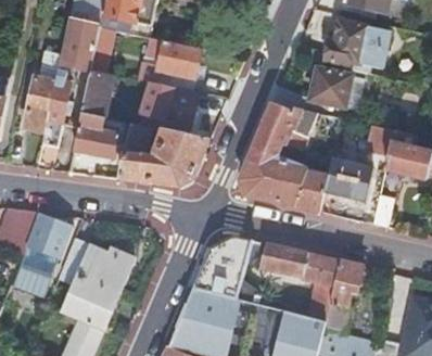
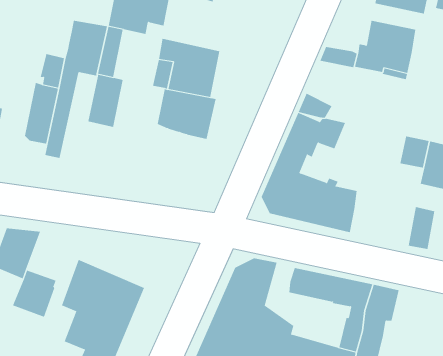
building: [309,71,368,112] -> none
building: [74,113,122,158] -> none
building: [119,124,211,188] -> none
building: [325,158,372,204] -> none
building: [26,213,72,265] -> none

